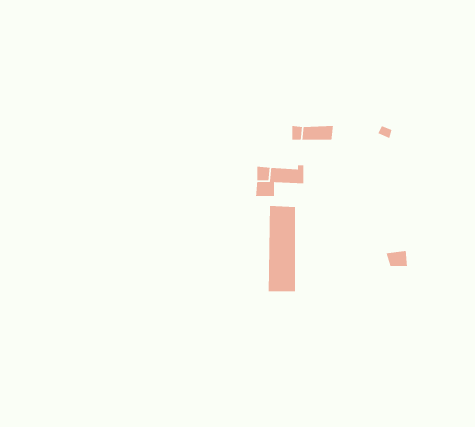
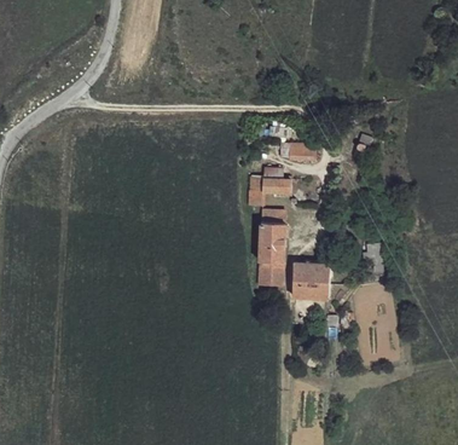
building: none -> [294,259,331,295]

